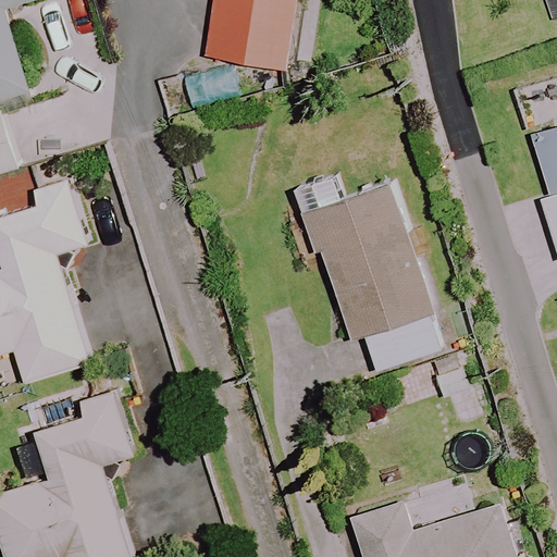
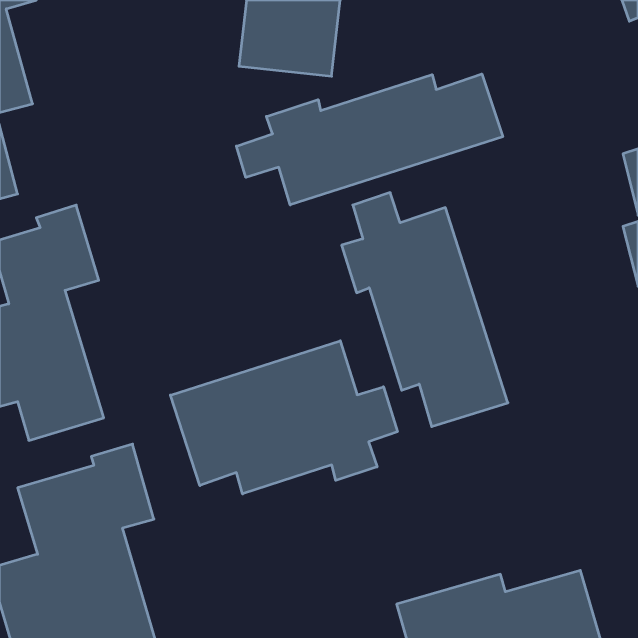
building: none -> [236,74,503,205]
building: none -> [170,341,397,494]

